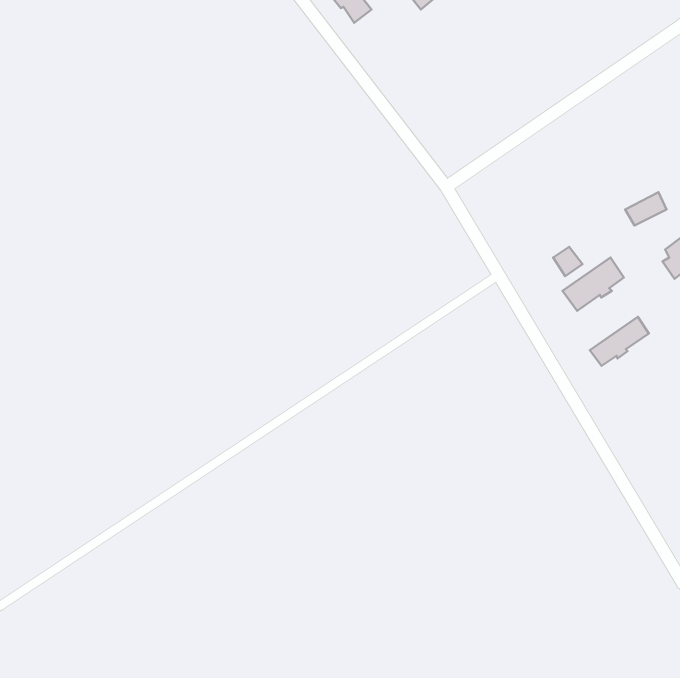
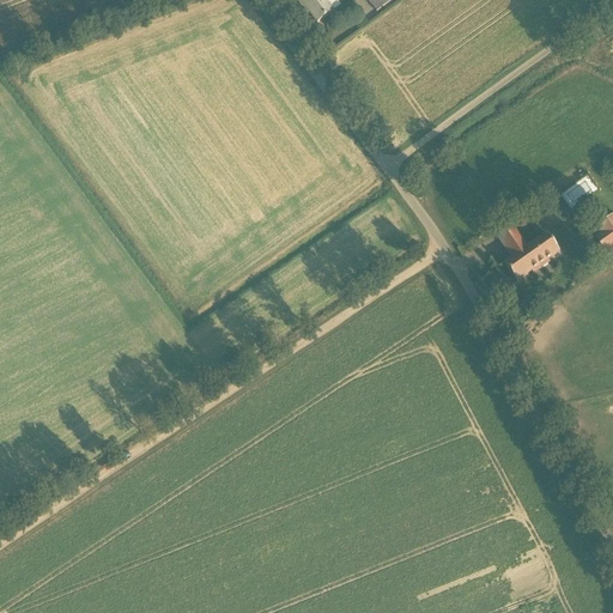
building: [590,317,649,366] -> none

